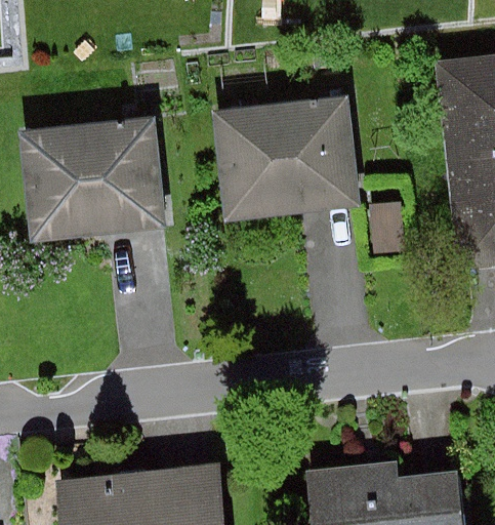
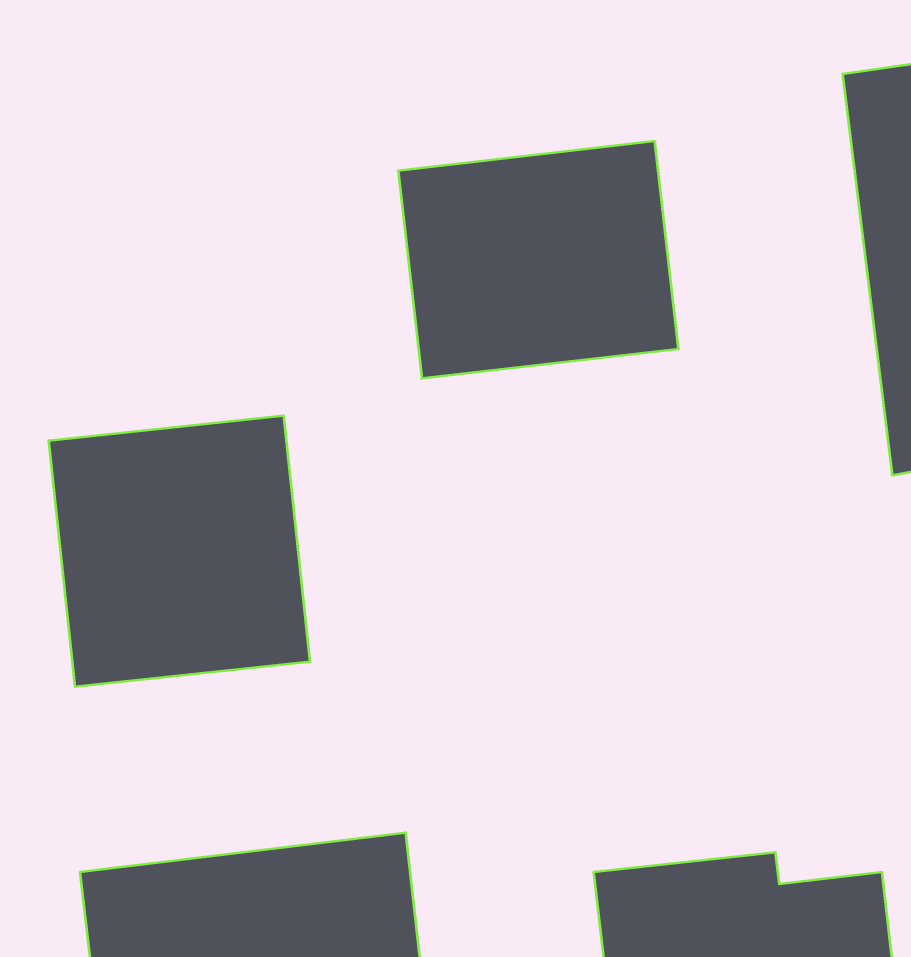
building: [23,120,169,242] -> none
building: none -> [49,416,310,687]

